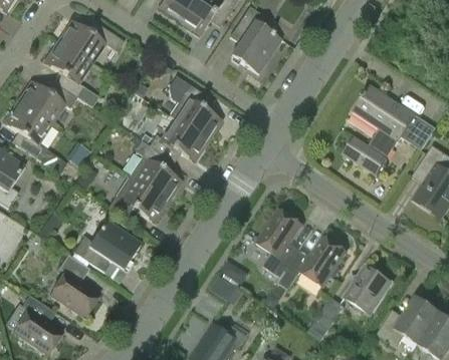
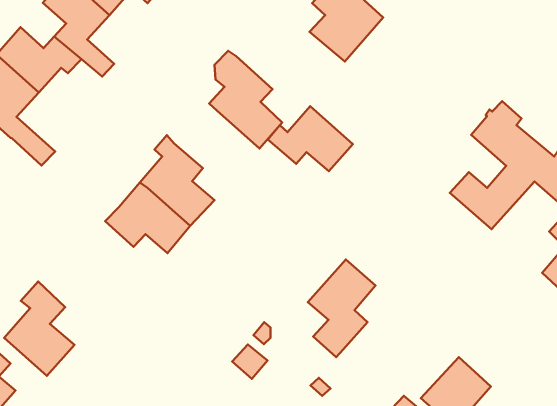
building: [149,118,208,161] -> [268,106,353,171]
building: [73,220,141,272] -> none
building: [278,236,346,289] -> none

